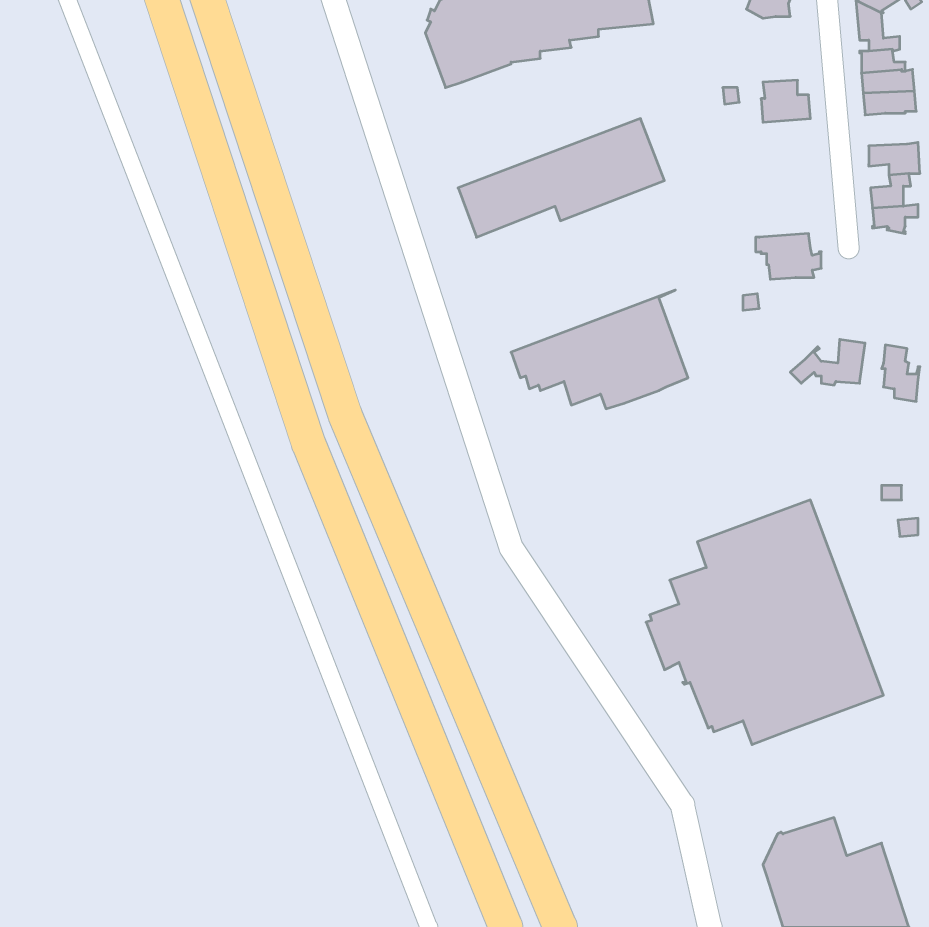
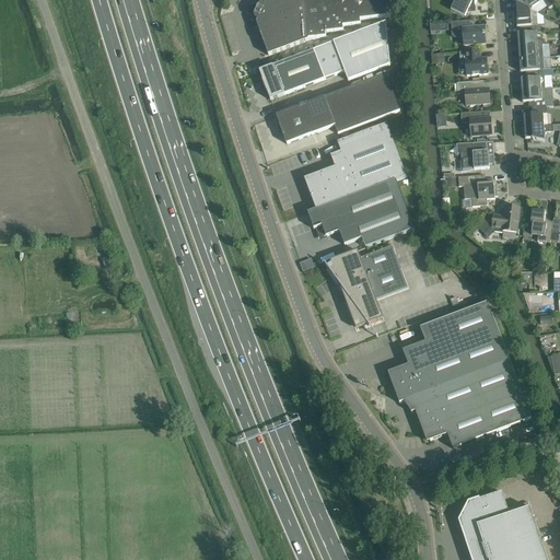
building: none -> [450,19,483,43]
building: none -> [257,23,387,97]
building: none -> [518,67,552,88]
building: none -> [455,79,488,103]
building: none -> [459,109,491,135]
building: none -> [305,121,405,211]
building: none -> [456,173,493,205]
building: none -> [323,244,406,325]

